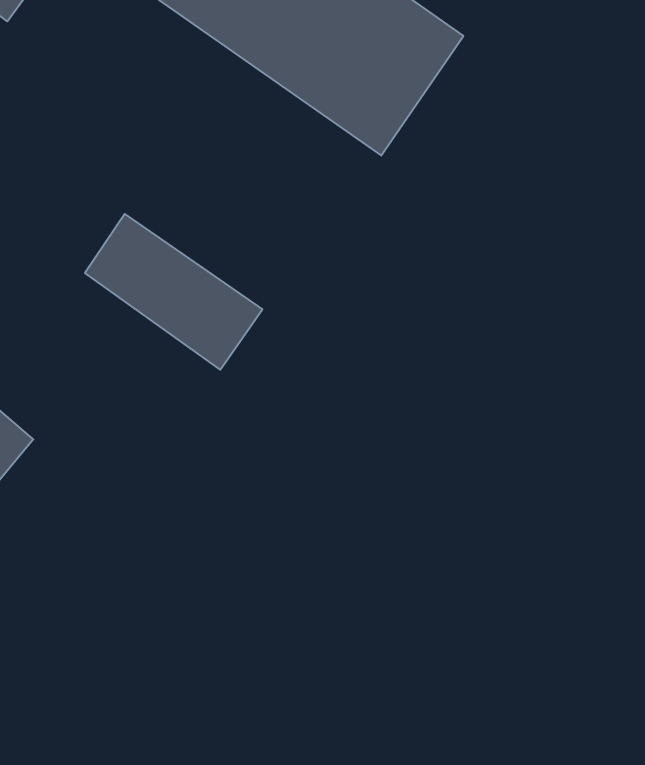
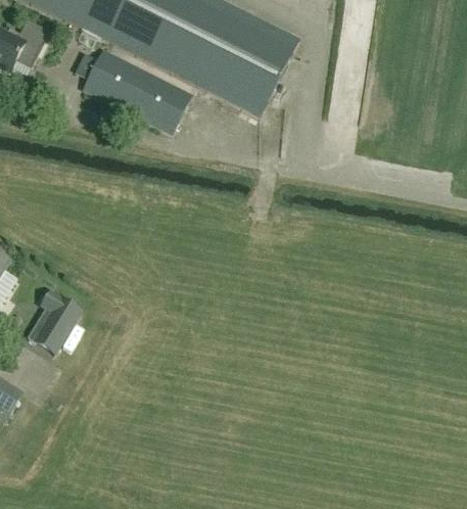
building: [85,214,262,370] -> [84,49,190,132]

